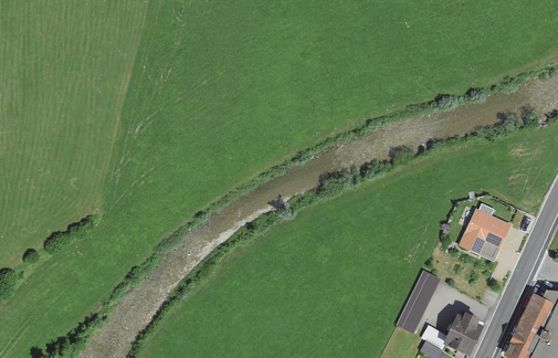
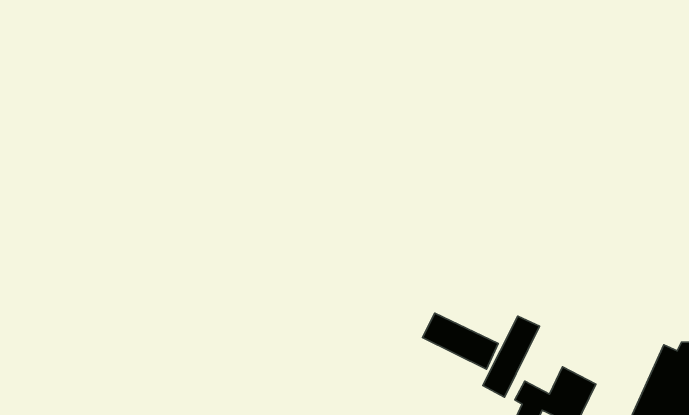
building: [457,210,509,263] -> none
building: none -> [422,313,498,369]

